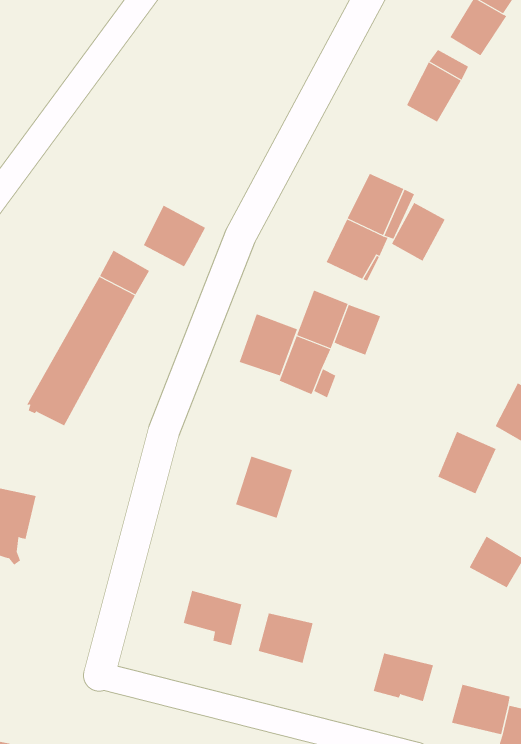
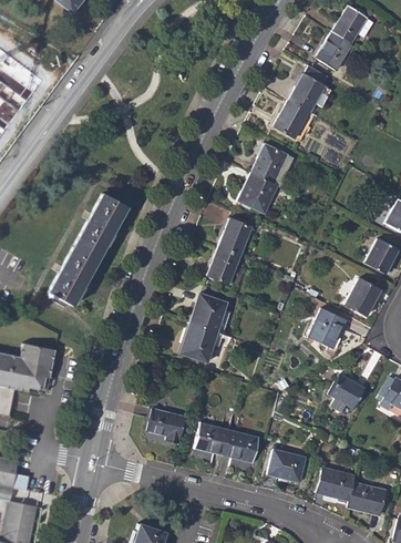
building: [391,202,445,261] -> [275,101,309,139]
building: [143,205,206,267] -> none
building: [334,304,381,356] -> none
building: [239,313,298,376] -> [191,293,228,332]
building: none -> [224,430,259,462]

